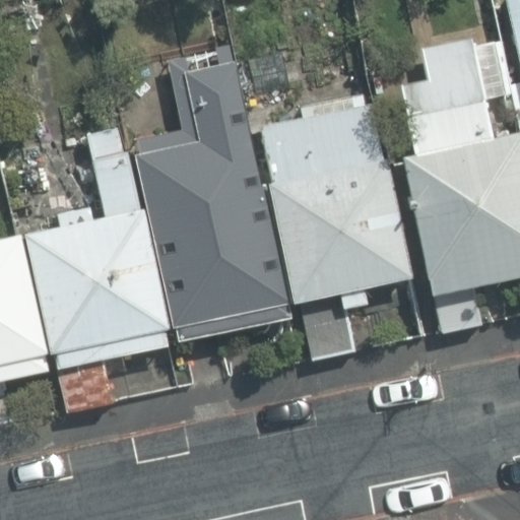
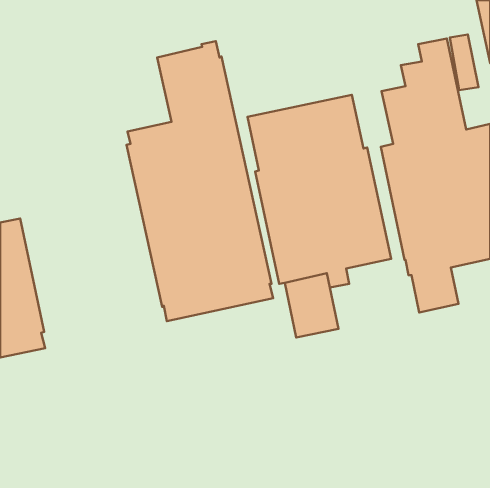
building: [27,129,170,411] -> none

